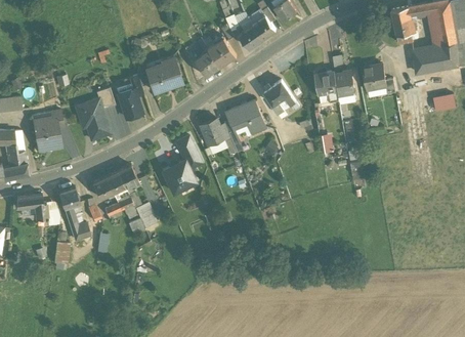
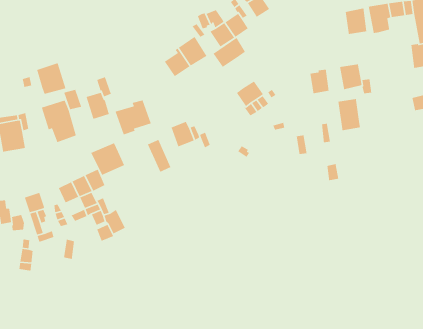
building: none -> [212,37,246,68]
building: [413,45,434,72] -> [345,7,367,35]
building: [145,58,181,93] -> [115,99,152,135]
building: none -> [36,62,67,95]
building: [315,71,338,102] -> [338,98,361,131]
building: [226,101,265,132] -> none
building: [162,160,196,193] -> [90,142,125,176]

